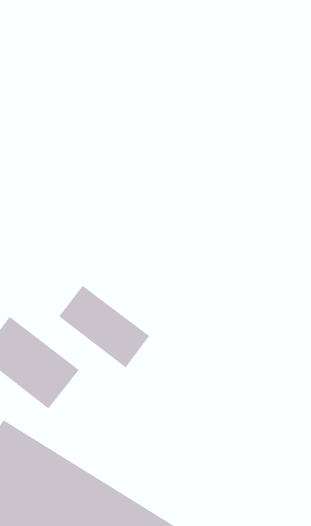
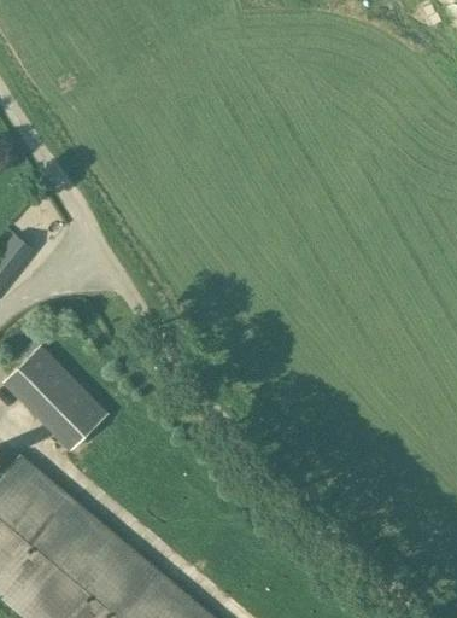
building: [58,285,150,368] -> none

